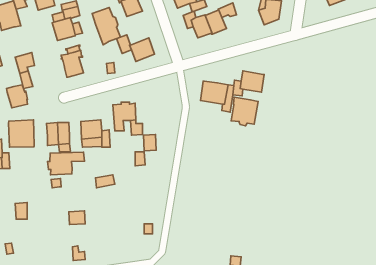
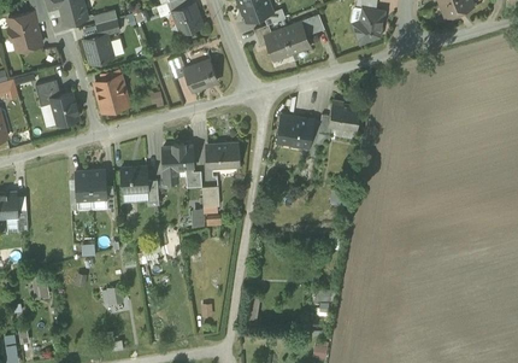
building: [92,8,121,45] -> none
building: [6,85,28,108] -> [51,93,78,123]
building: [231,97,258,126] -> none
building: none -> [207,142,237,169]
building: [9,120,34,147] -> none
building: [48,152,85,175] -> none

